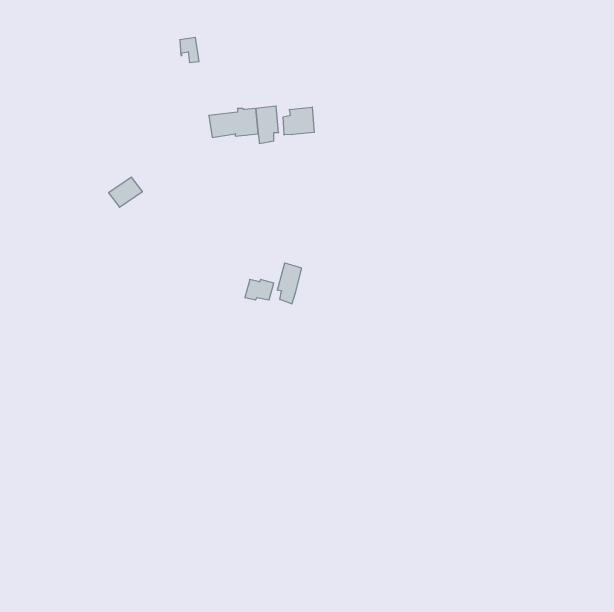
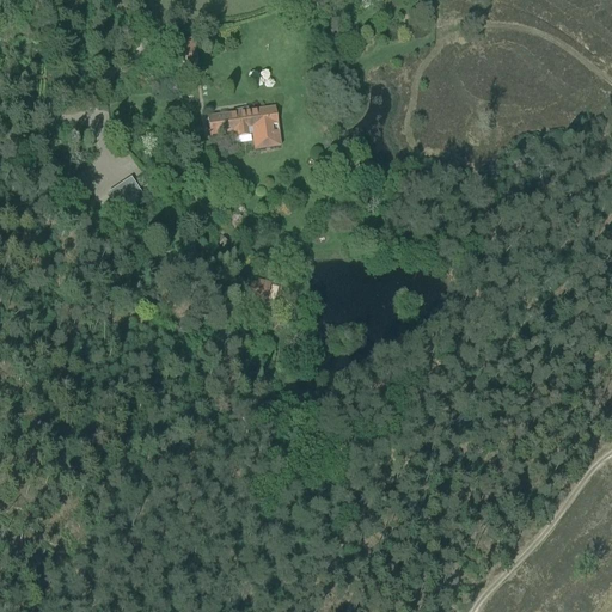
building: [283,107,314,135] -> none
building: [277,263,302,304] -> none

